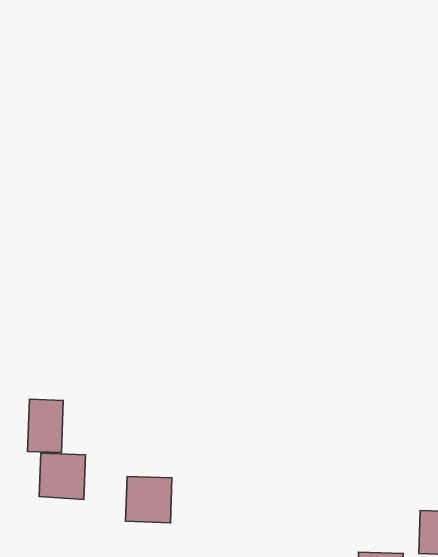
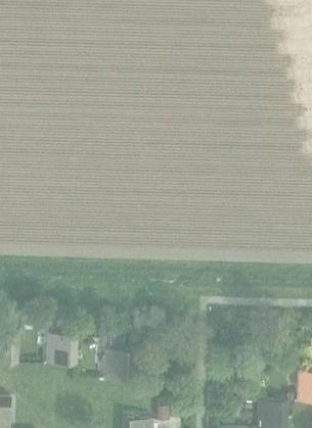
building: [28,399,63,453] -> none

